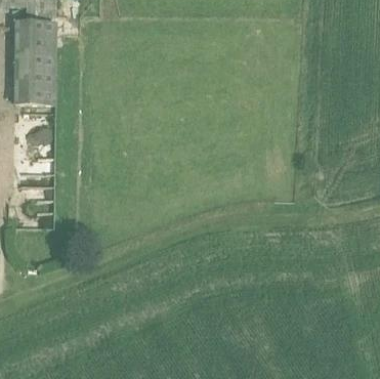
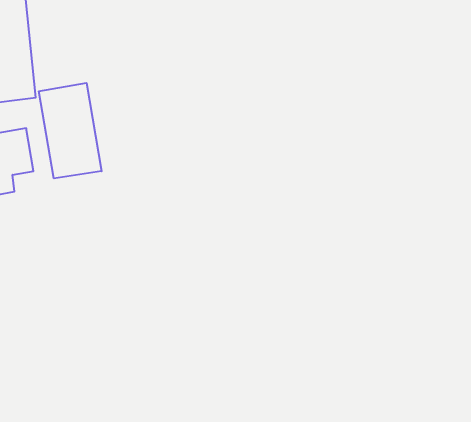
building: none -> [39,83,102,178]

